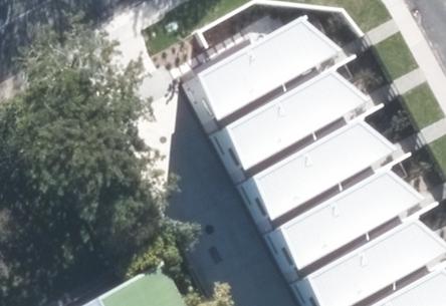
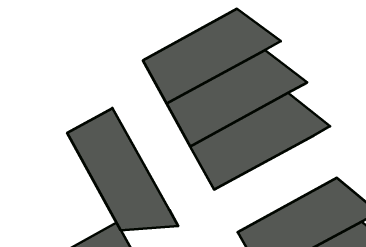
building: none -> [67,108,178,230]
building: [268,167,429,277] -> none

